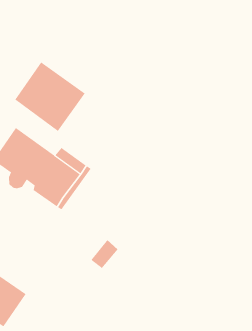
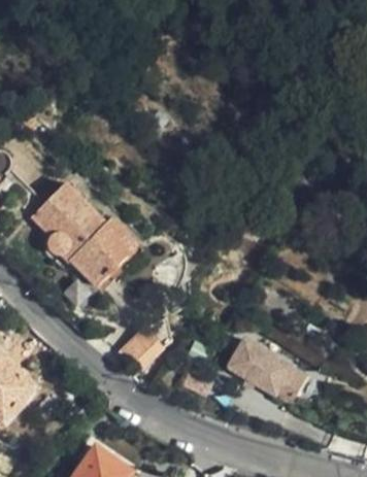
building: [14,61,86,132] -> none
building: none -> [230,332,309,399]

